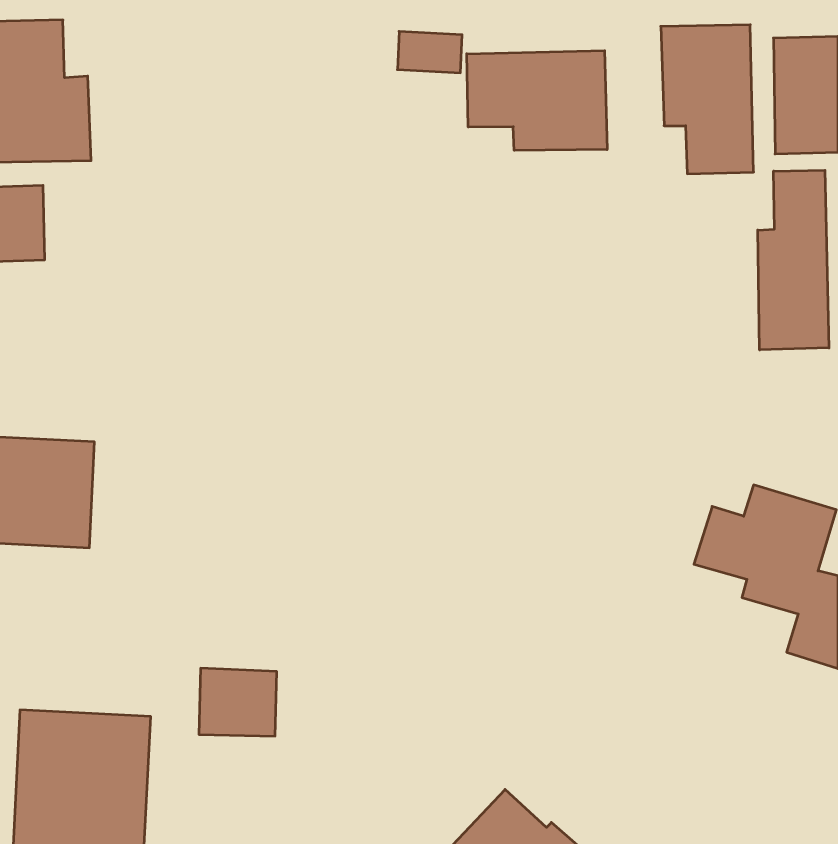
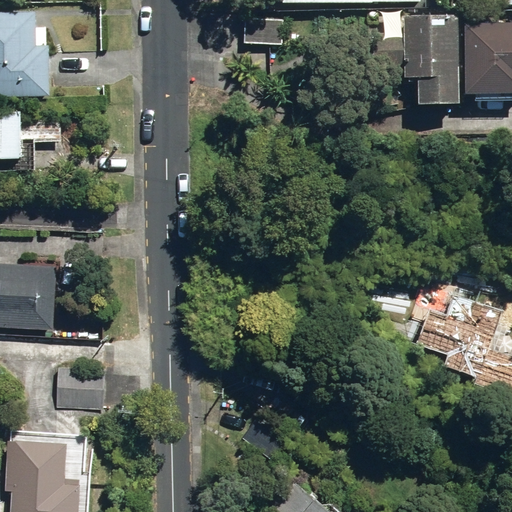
building: [467,51,607,150] -> none
building: [758,170,829,350] -> none
building: [199,668,277,736] -> [51,369,98,410]

